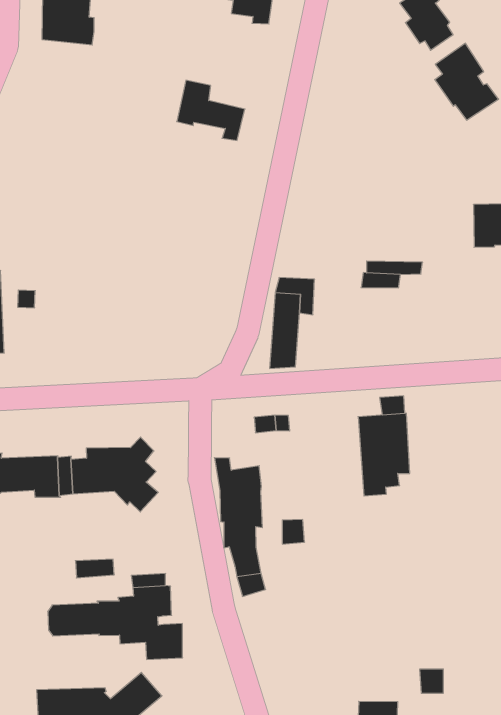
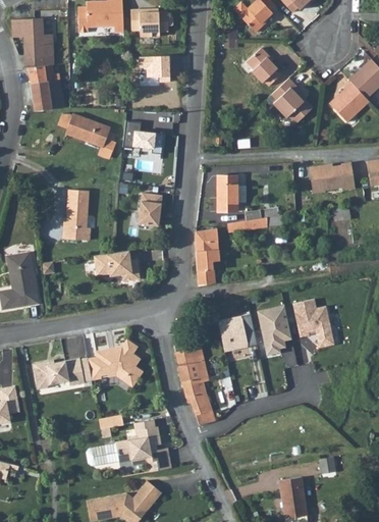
building: none -> [58,114,115,159]
building: none -> [63,190,93,239]
building: none -> [217,175,246,211]
building: none -> [138,194,162,226]
building: none -> [94,251,141,283]
building: none -> [291,298,333,349]
building: none -> [218,313,258,350]

